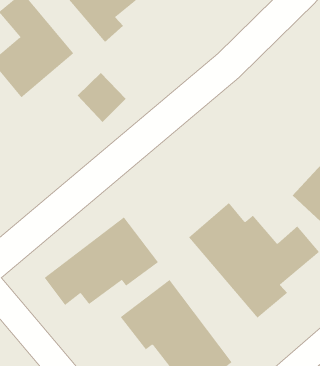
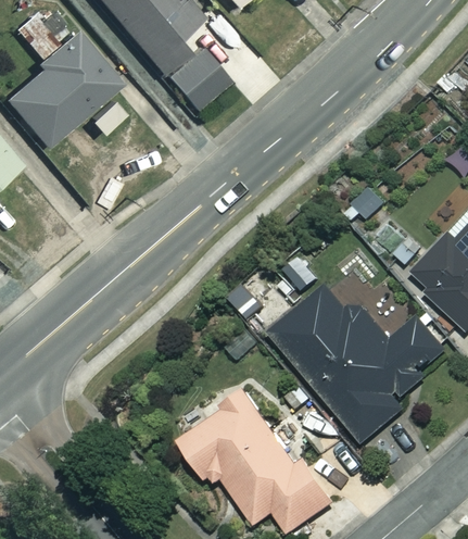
building: [77,72,126,123] -> [165,43,232,112]
building: [44,216,159,306] -> none

